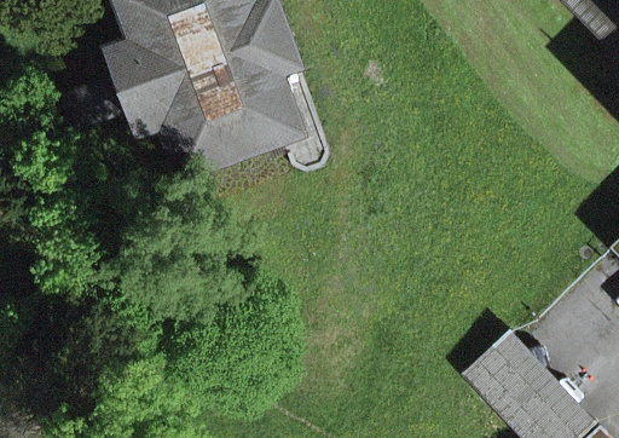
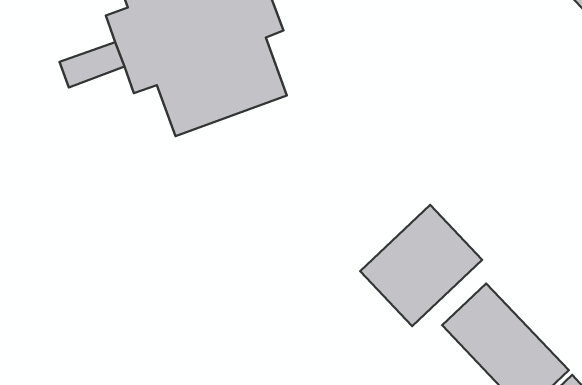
building: none -> [360,205,482,326]

